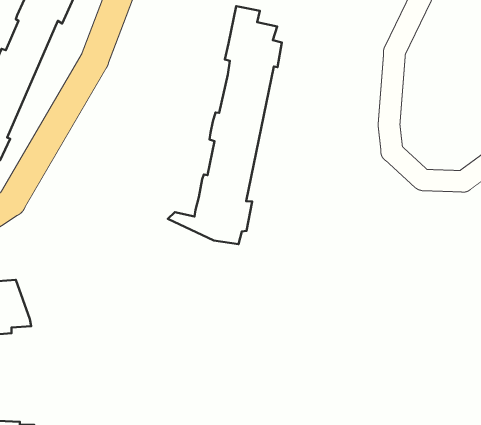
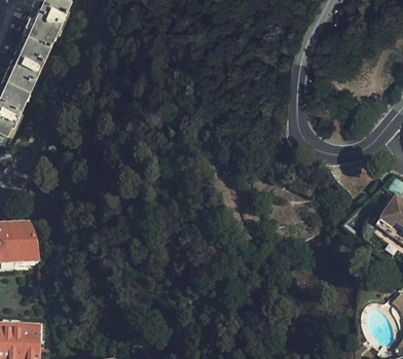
building: [168,6,282,244] -> none

